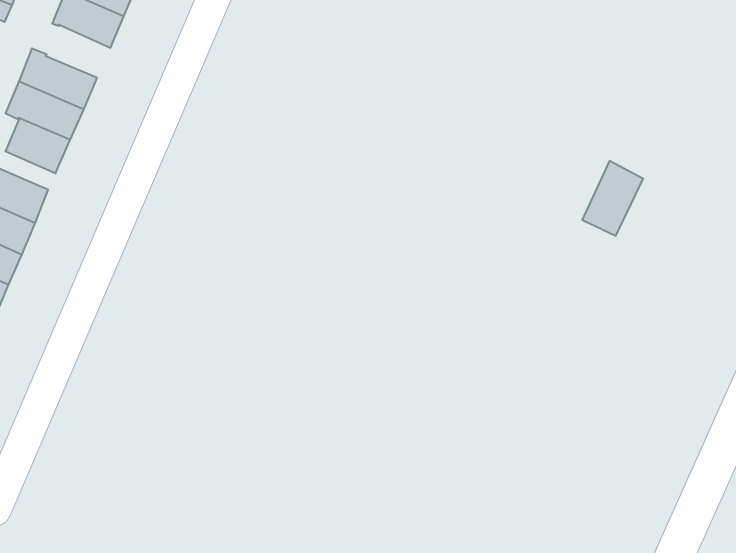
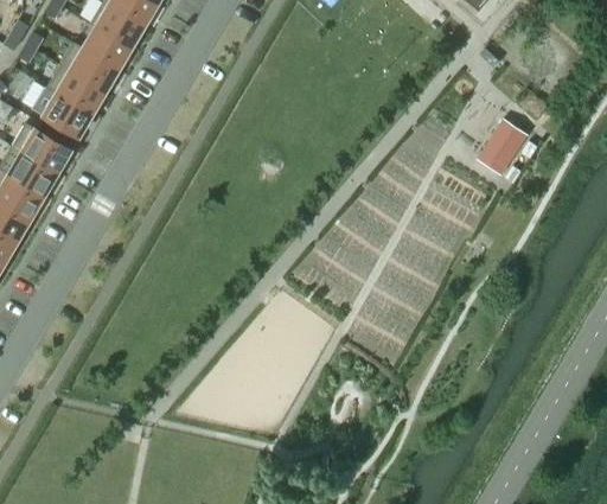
building: none -> [82,26,132,70]
building: [582,161,643,236] -> [477,119,526,176]

